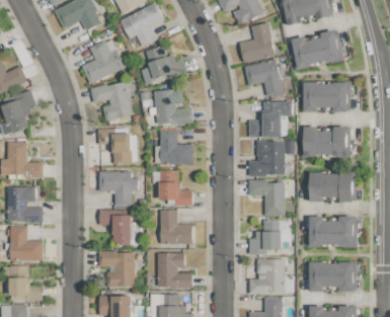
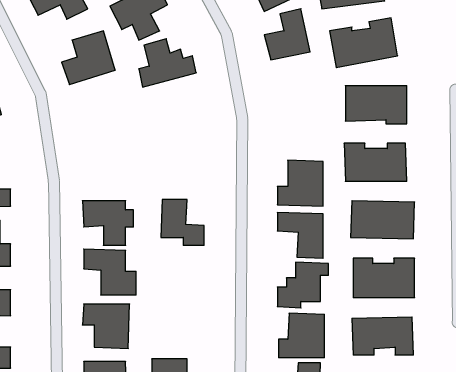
building: [244,60,283,95] -> none
building: [91,82,132,120] -> none
building: [155,89,192,124] -> none
building: [249,101,292,137] -> none
building: [98,128,132,164] -> none
building: [161,130,193,164] -> none
building: [160,210,192,243] -> none
building: [157,252,192,288] -> none

